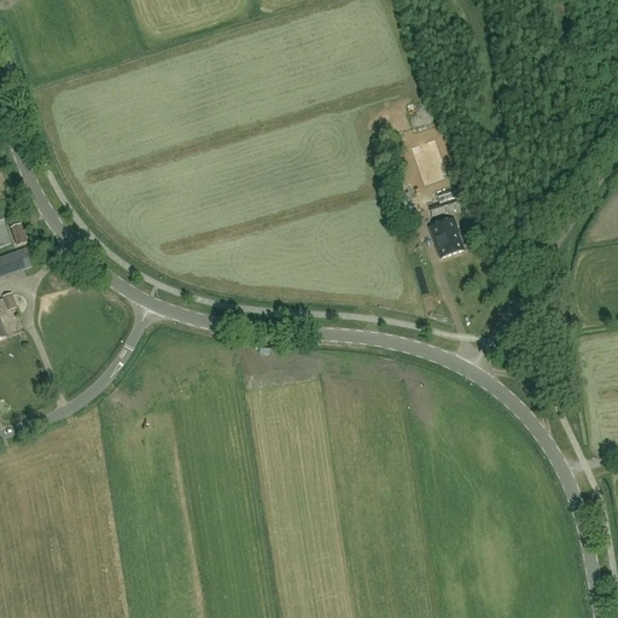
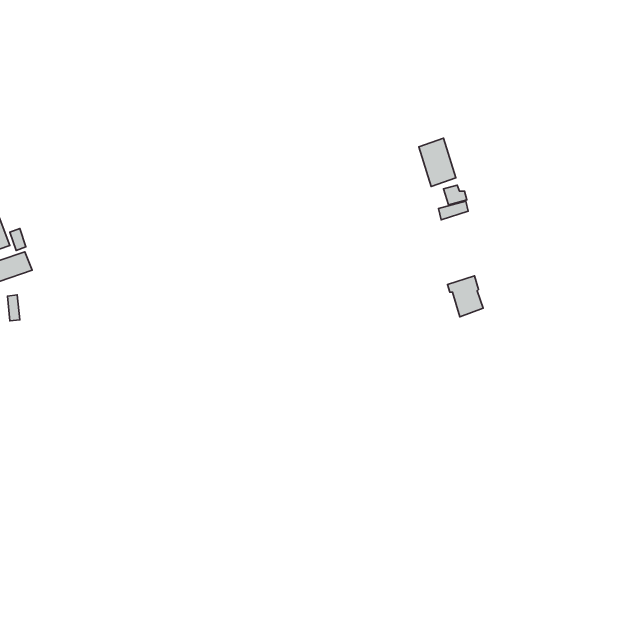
building: [426,218,461,258] -> [447,276,483,317]

